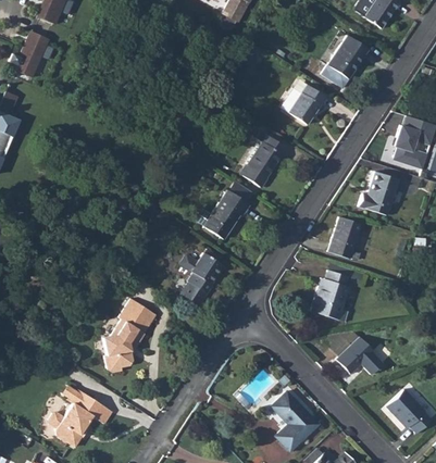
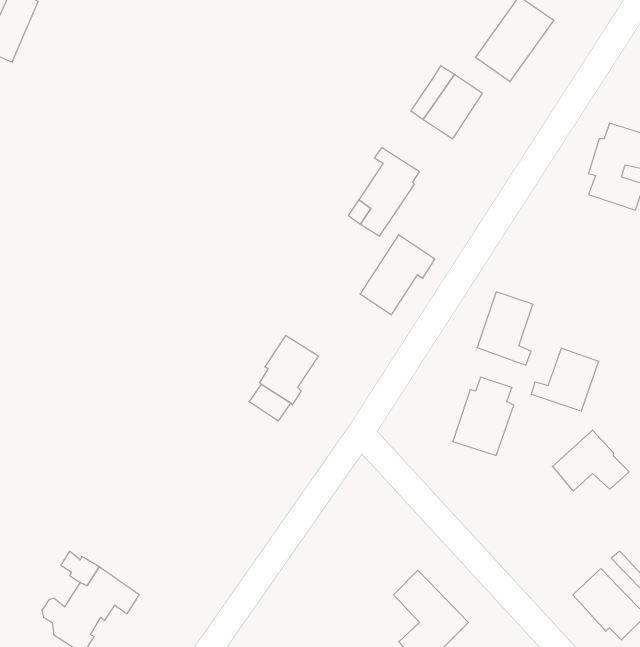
building: [356,173,396,217] -> none
building: [205,185,252,235] -> [360,235,435,315]
building: none -> [531,348,599,411]
building: [104,295,157,367] -> none
building: [332,337,379,375] -> [552,430,629,491]

